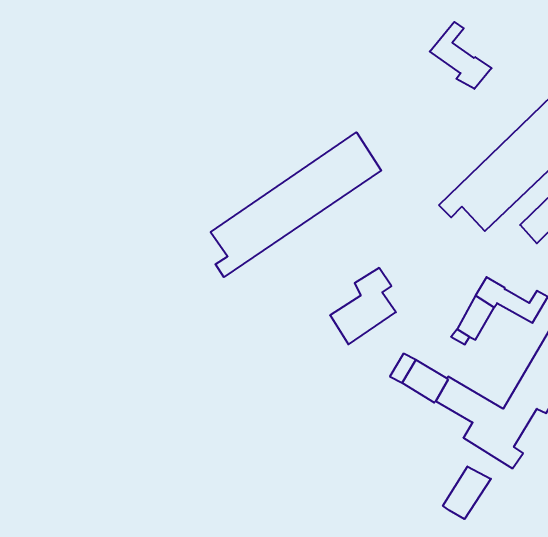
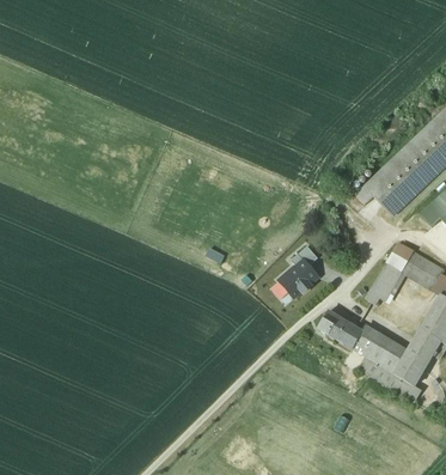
building: [430,22,492,89] -> none
building: [211,132,381,277] -> none
building: [443,466,491,519] -> none

